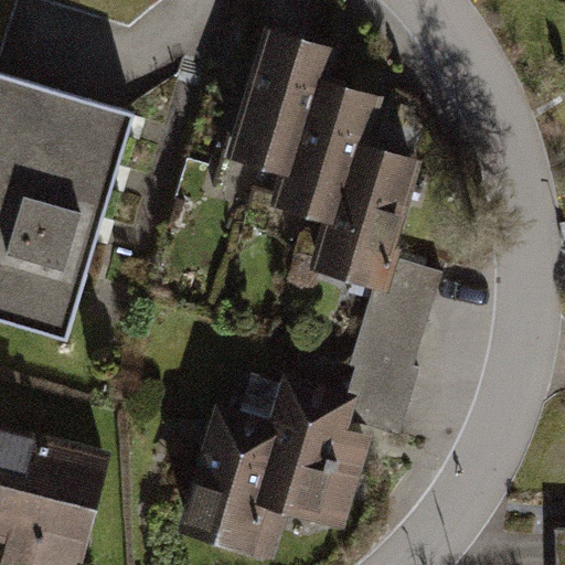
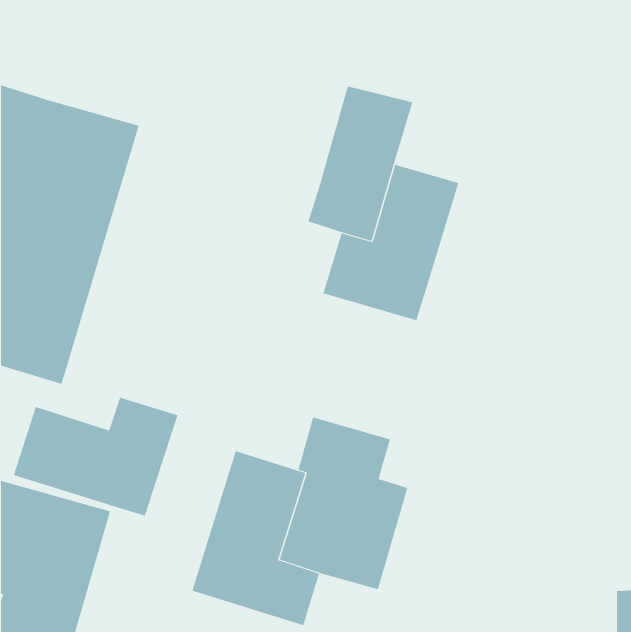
building: [228,31,322,172] -> none
building: [344,256,443,434] -> none
building: none -> [13,397,178,516]

